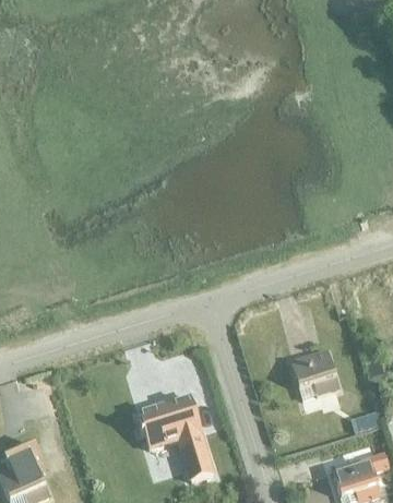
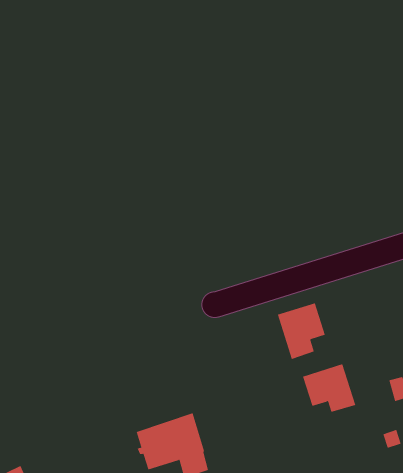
building: none -> [277,303,325,360]

